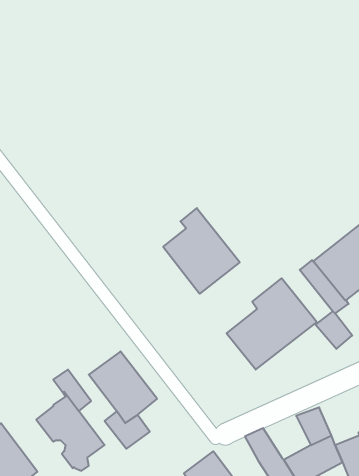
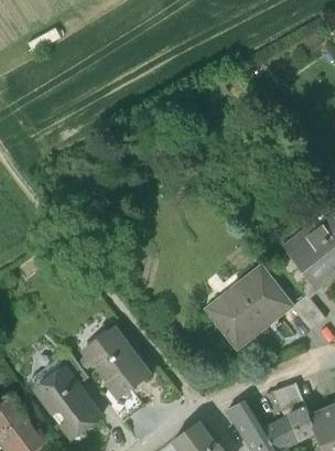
building: [164,208,240,294] -> none

